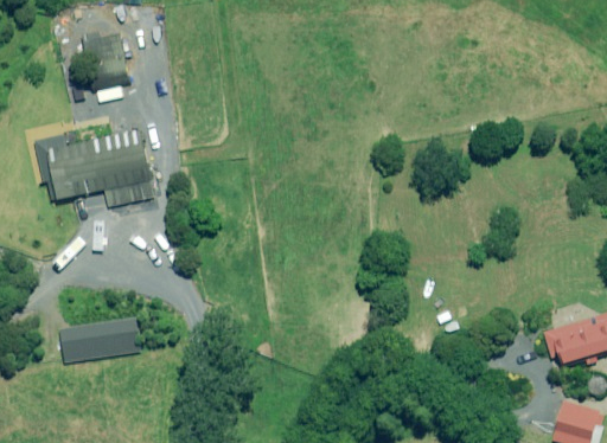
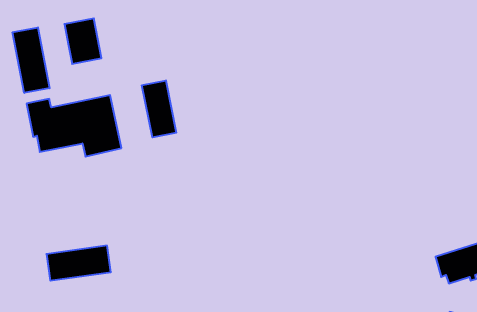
building: none -> [13,27,50,93]
building: none -> [142,80,176,137]

